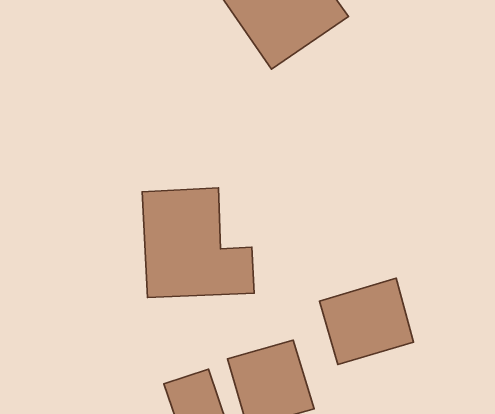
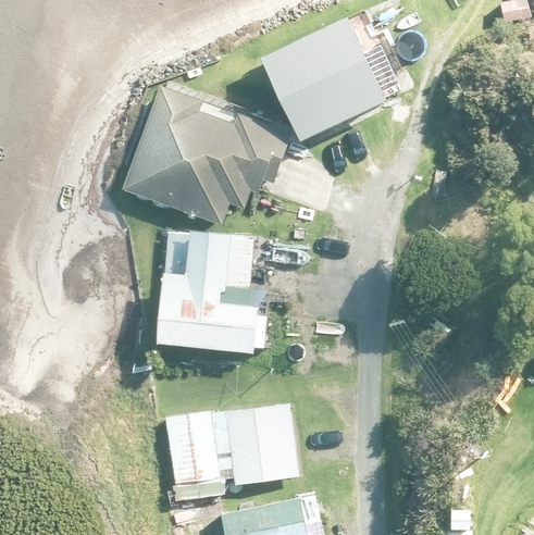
building: none -> [131,86,296,220]
building: [320,278,413,365] -> none

